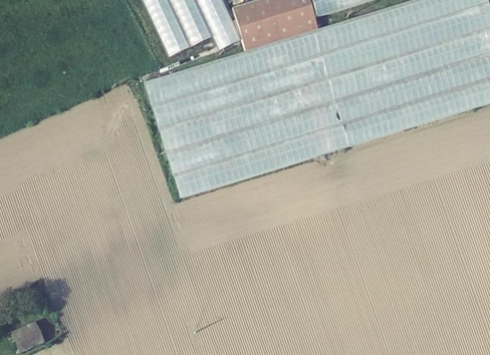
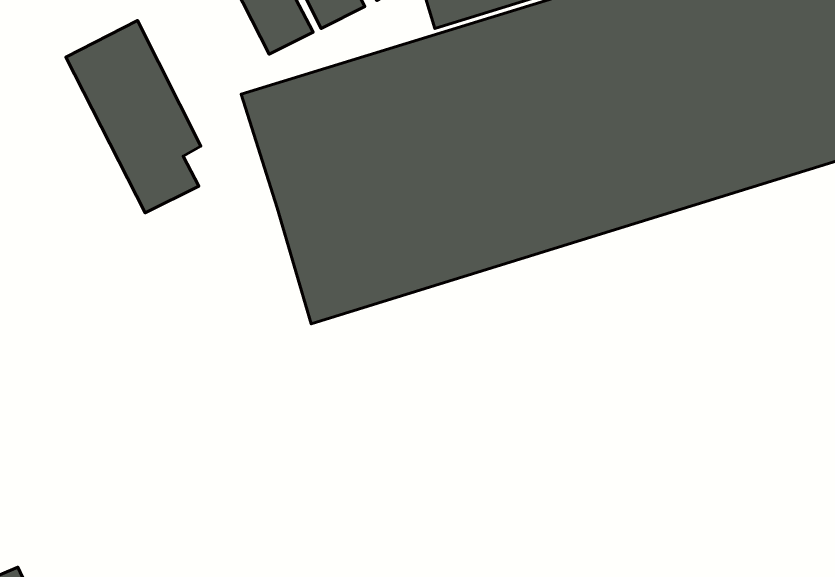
building: none -> [66,20,201,213]

